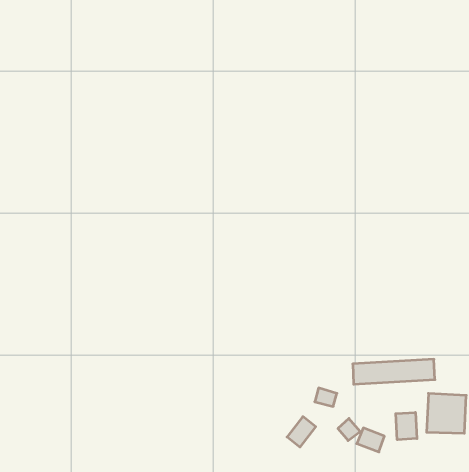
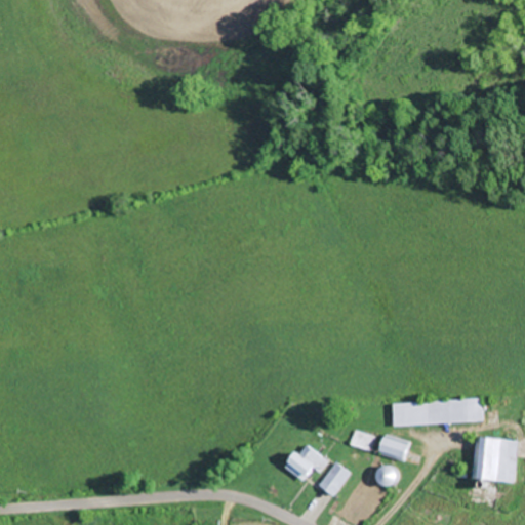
building: none -> [285,444,326,482]
building: [396,412,417,440] -> none
building: [357,428,384,452] -> [379,435,410,461]

